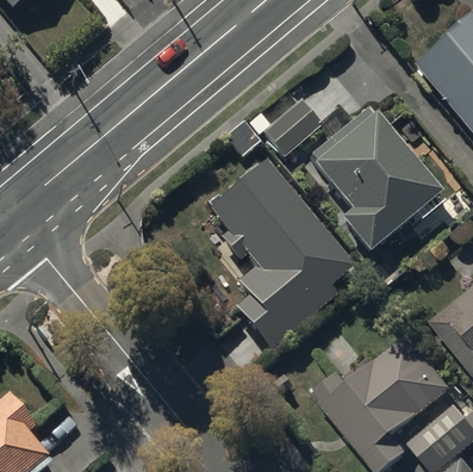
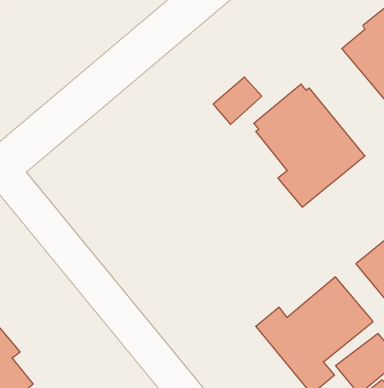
building: [207,159,342,343] -> none

